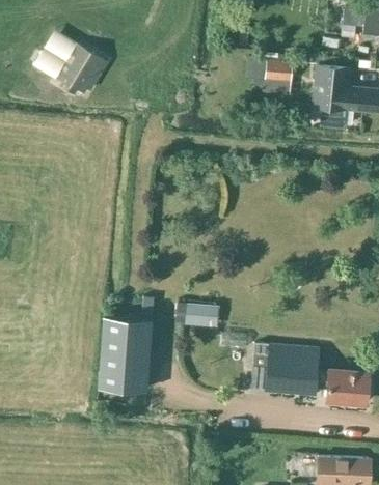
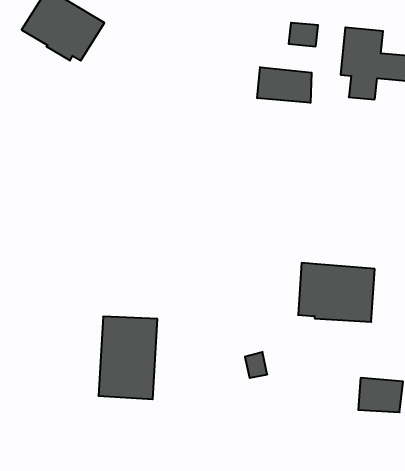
building: none -> [257,67,312,103]
building: [174,304,219,327] -> none
building: [252,343,320,395] -> [298,263,375,322]

